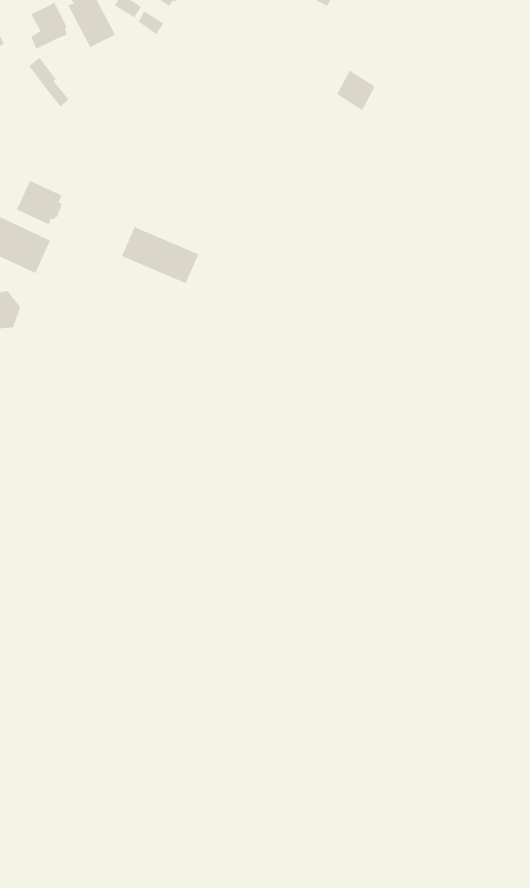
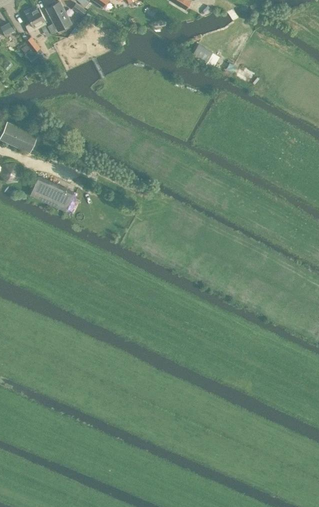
building: [16,180,63,225] -> none
building: [121,226,199,284] -> [30,179,72,210]

